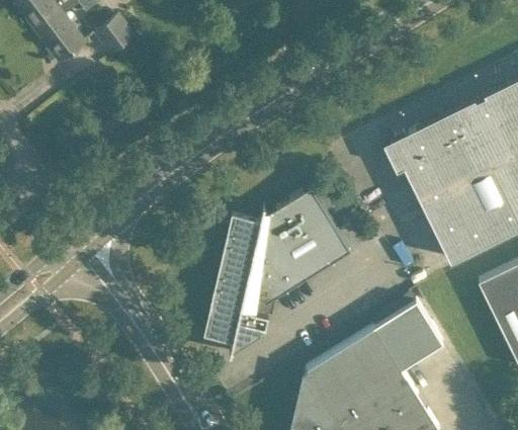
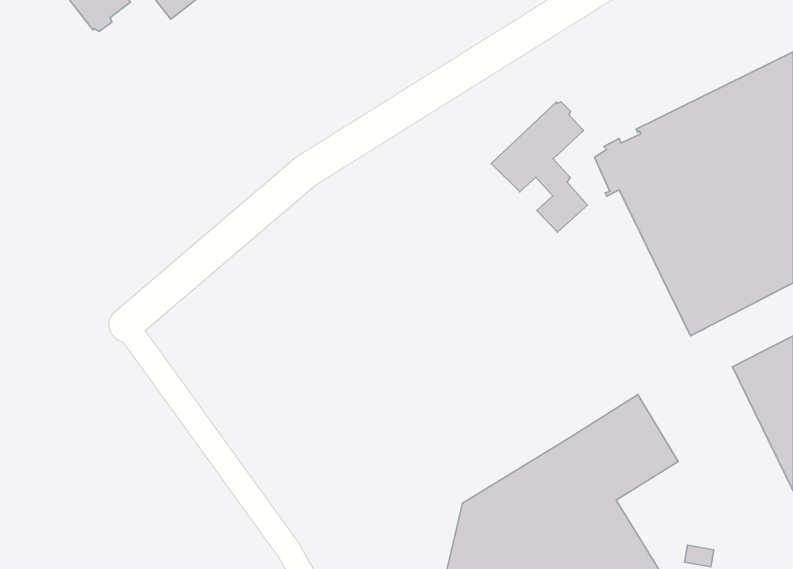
building: none -> [491,102,588,232]
building: [204,188,349,357] -> none

